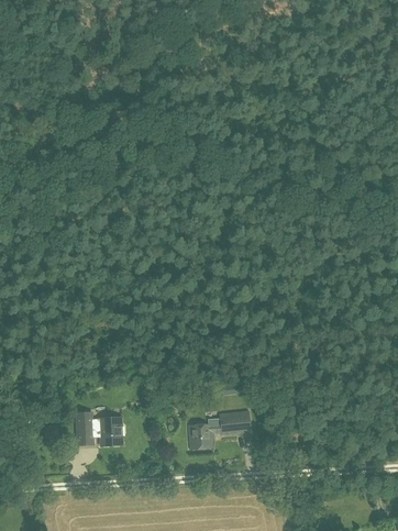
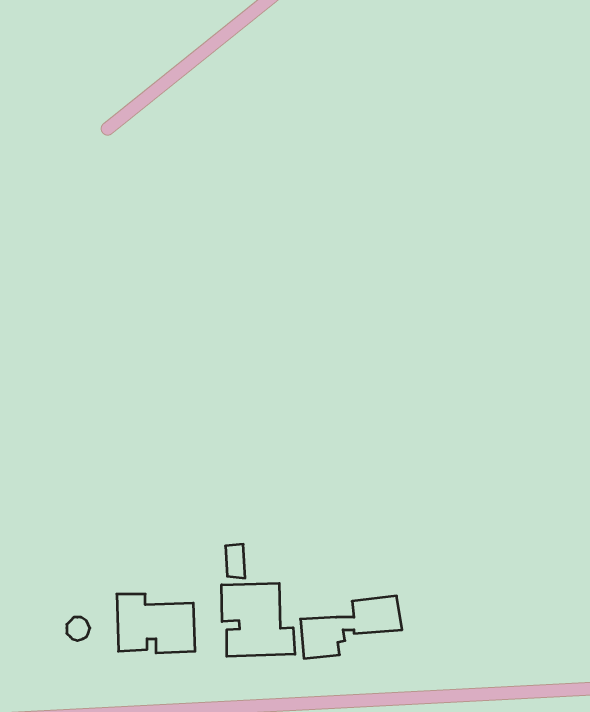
building: none -> [222,583,295,656]

